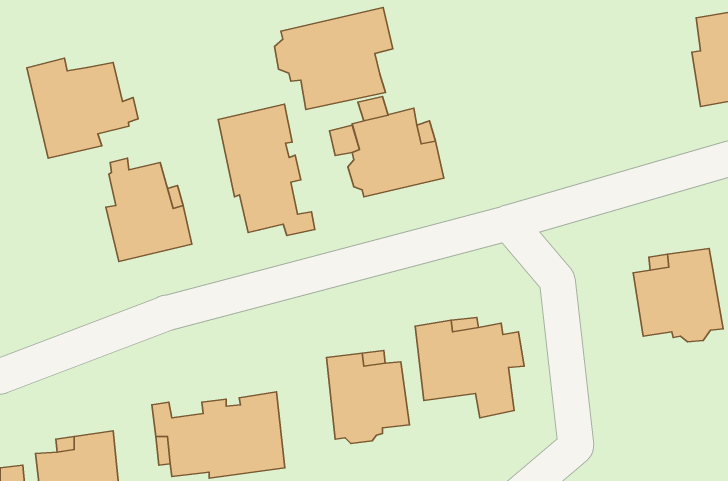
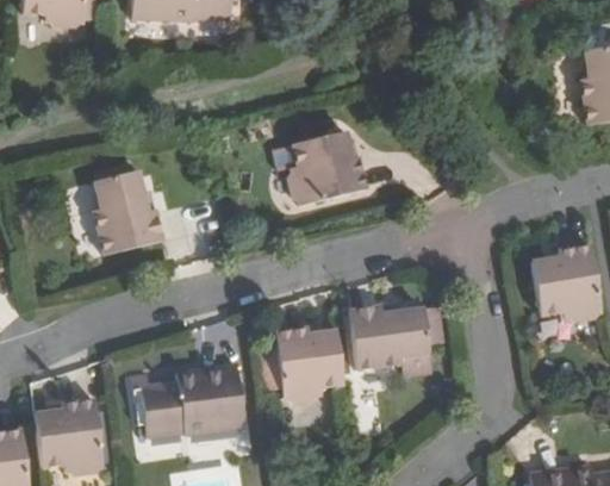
building: [275,7,393,109] -> none
building: [27,58,138,158] -> none
building: [218,104,315,235] -> none

